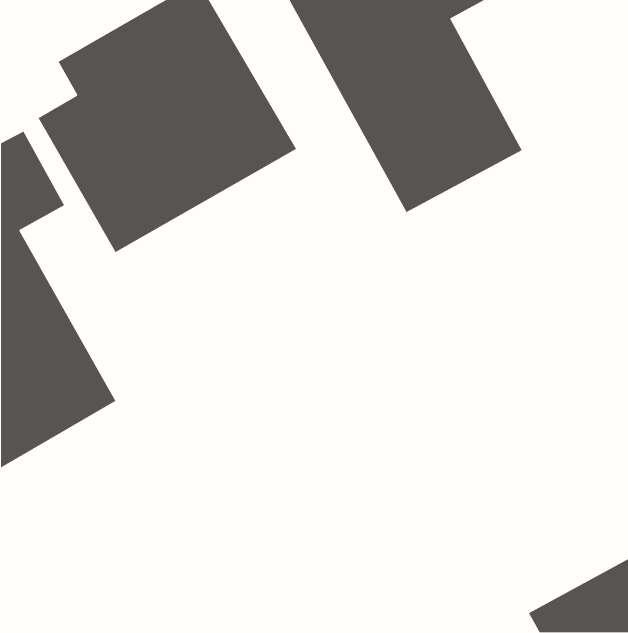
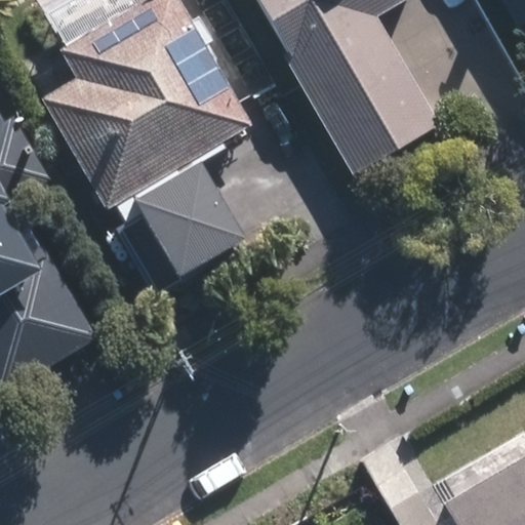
building: none -> [124,167,233,278]

